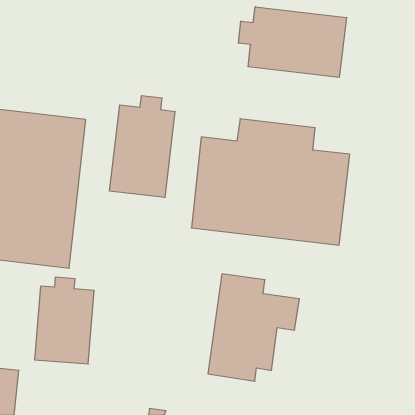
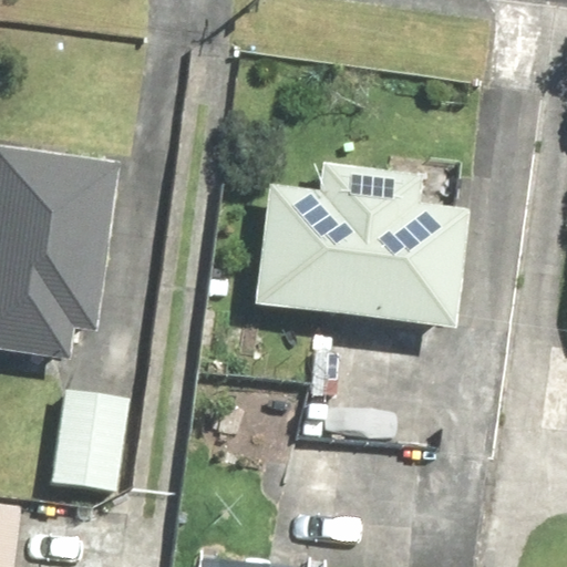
building: [238,7,346,77] -> none
building: [110,96,175,198] -> none

